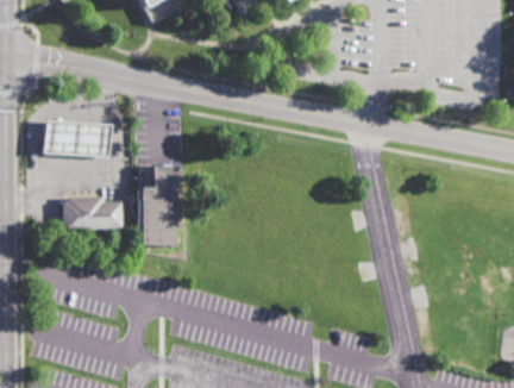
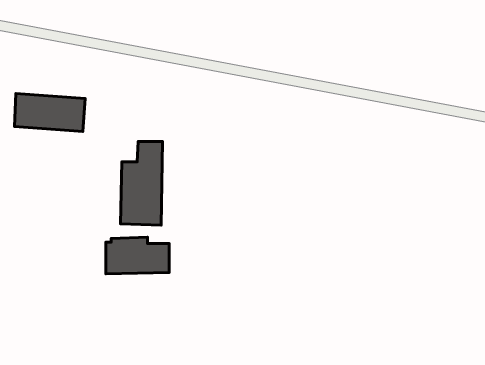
building: [62,196,121,231] -> [106,237,169,274]

